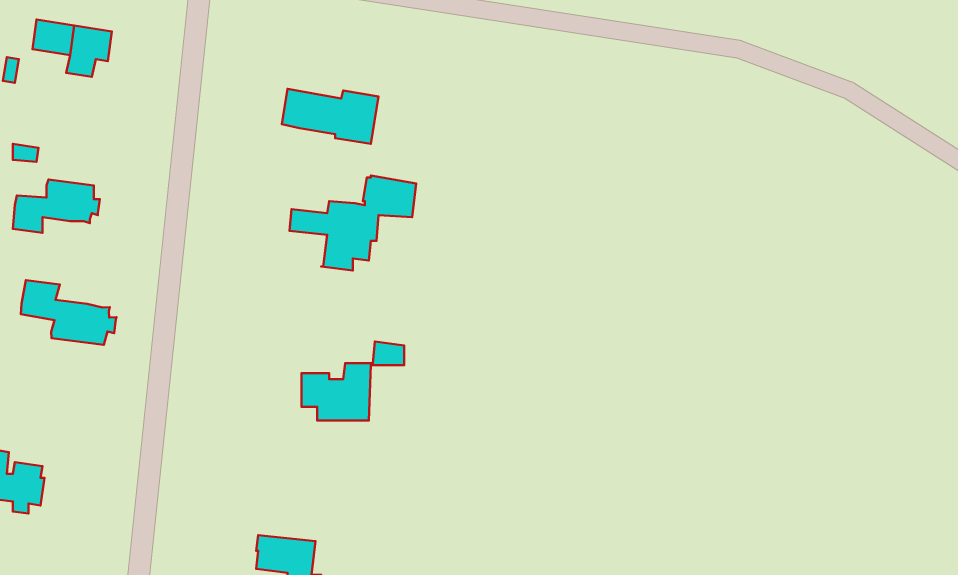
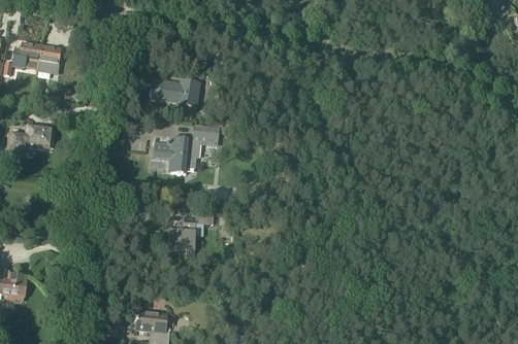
building: [21,280,116,345] -> none

